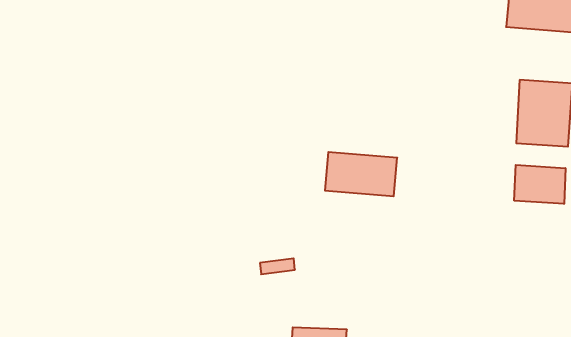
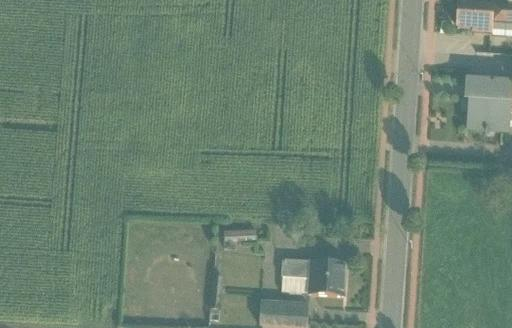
building: [325,152,397,196] -> [281,256,345,295]
building: [514,165,565,204] -> none

